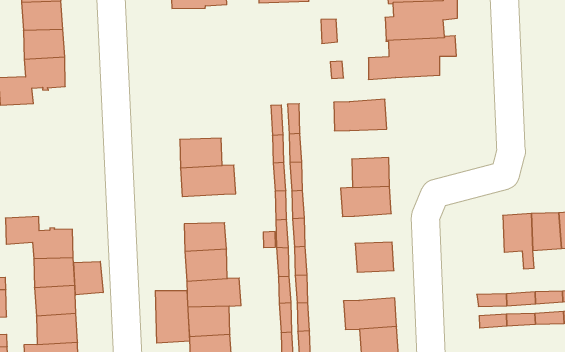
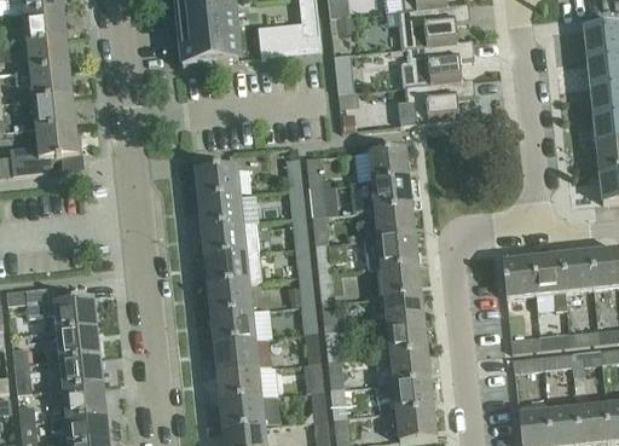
building: none -> [195,163,241,198]
building: none -> [371,175,412,208]
building: none -> [204,250,261,284]
building: none -> [381,261,421,294]
building: none -> [502,256,536,296]
building: [74,261,103,295] -> none
building: none -> [387,319,427,352]
building: [155,290,189,343] -> none

